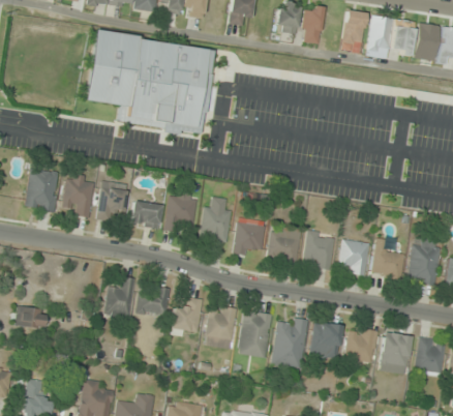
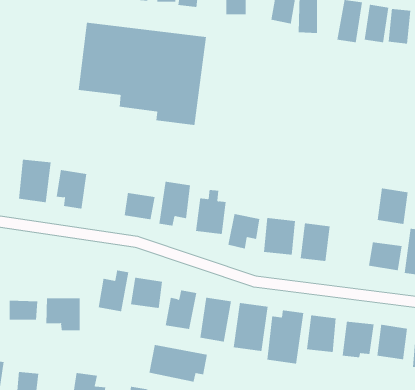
building: [97,181,127,219] -> none
building: [338,239,369,275] -> [377,188,408,225]
building: none -> [46,298,80,331]
building: none -> [149,344,207,383]

